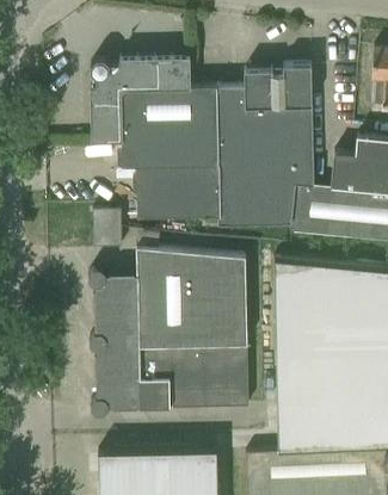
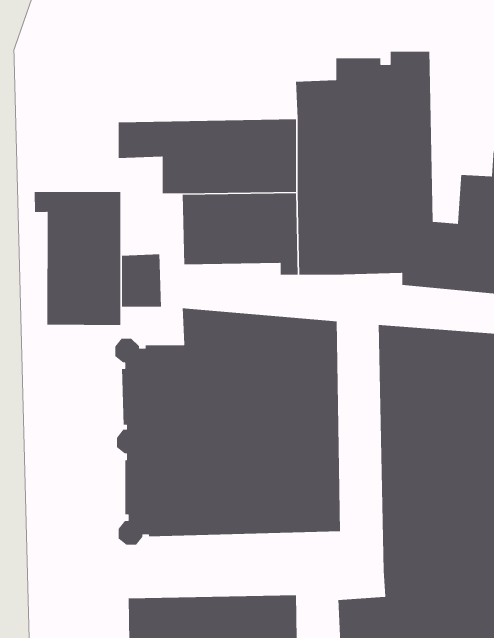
building: [91,60,217,118] -> none
building: none -> [34,191,121,326]

